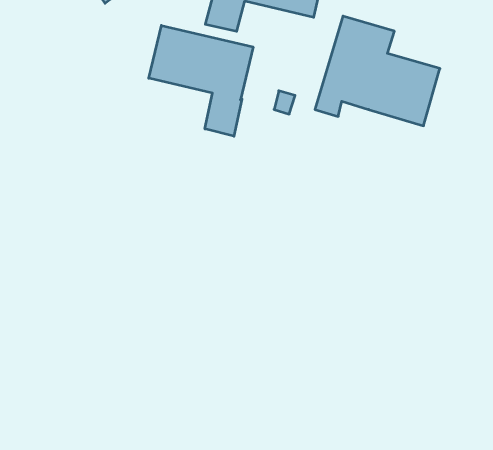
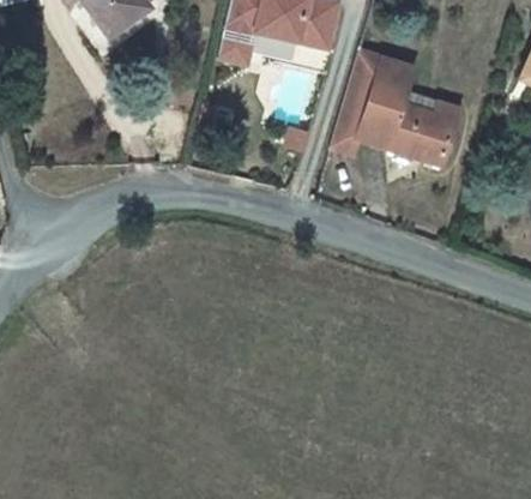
building: [149,25,253,136] -> none

